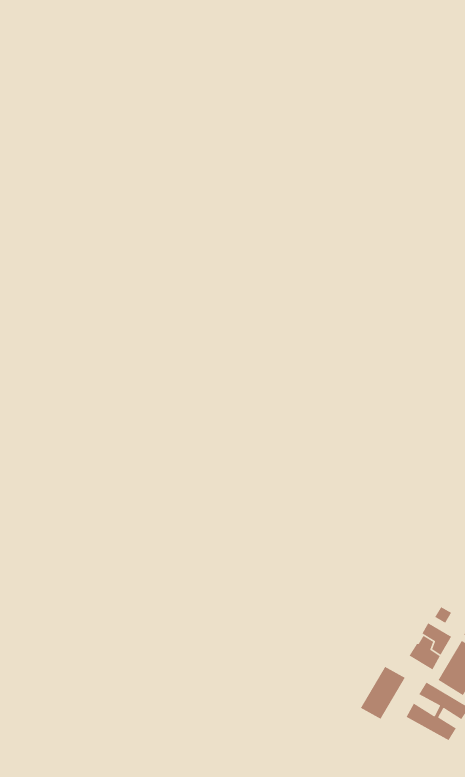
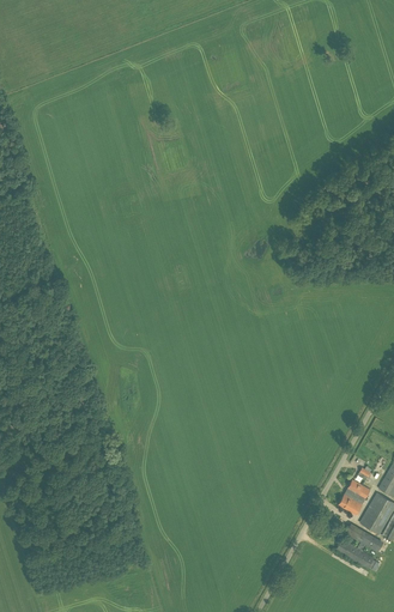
building: [360,666,406,720] -> none

